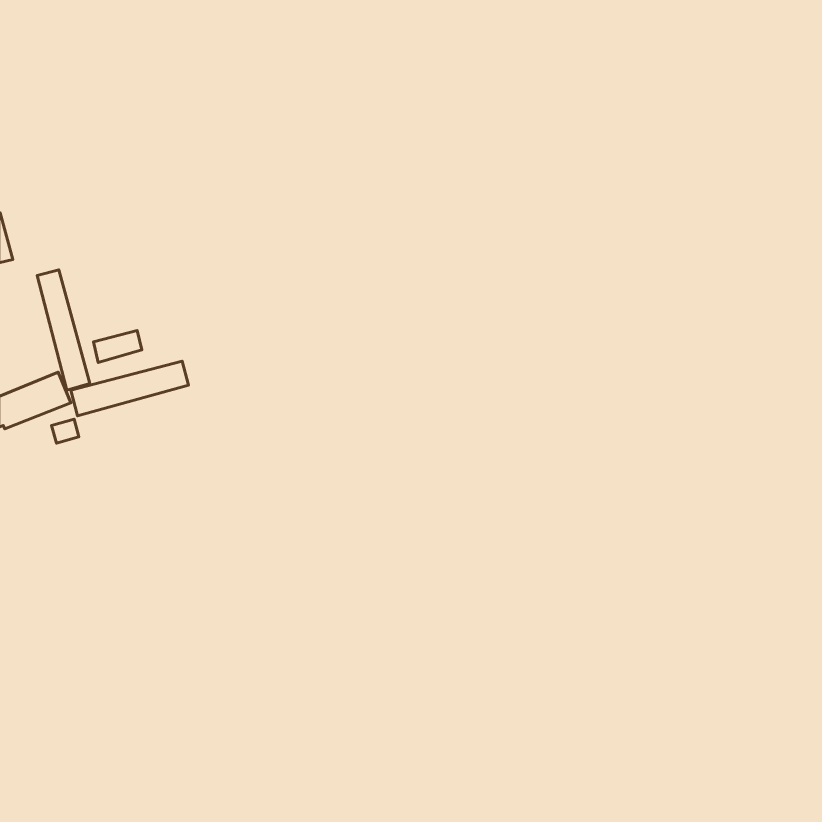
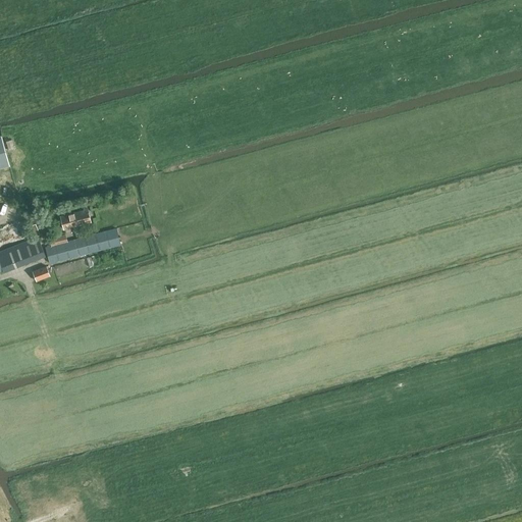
building: [37,270,90,390] -> none

